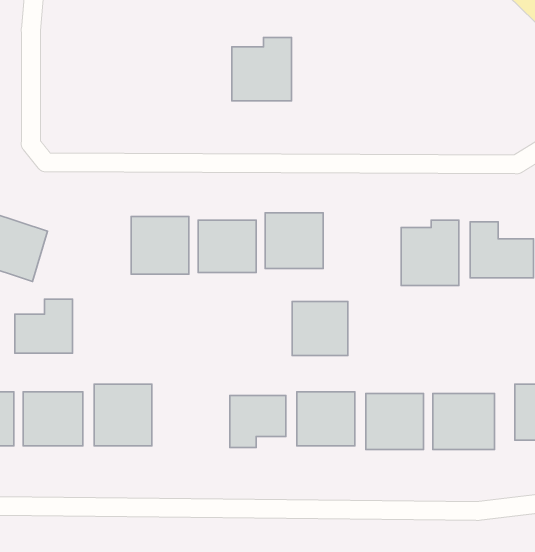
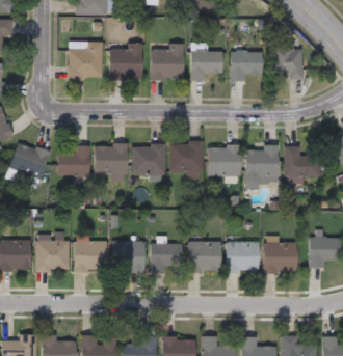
building: none -> [269,40,302,78]
building: none -> [69,42,102,79]
building: none -> [110,43,143,79]
building: none -> [191,51,223,80]
building: none -> [231,51,262,81]
building: [15,299,72,353] -> [58,145,90,175]
building: [292,301,348,355] -> [209,145,240,175]
building: none -> [115,241,146,271]

